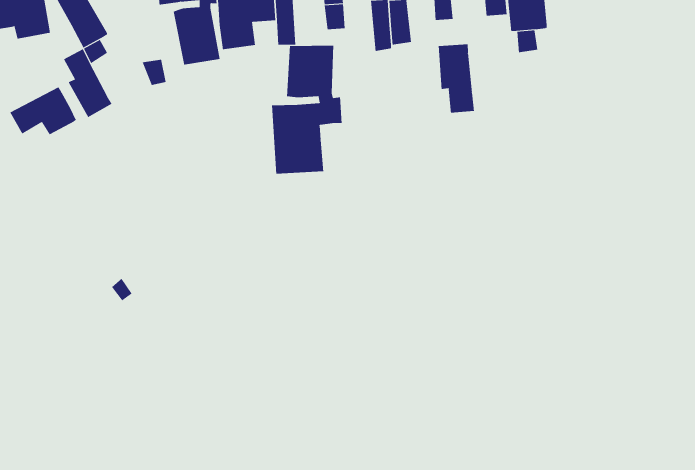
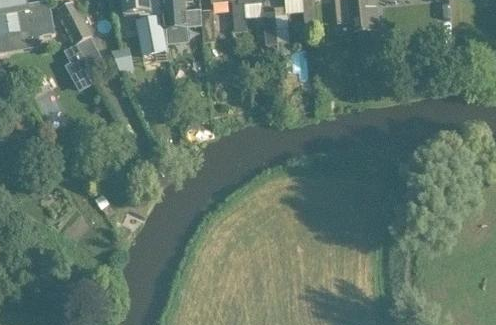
building: [438,43,475,114] -> none
building: [271,45,342,174] -> none
building: [9,86,77,135] -> none

